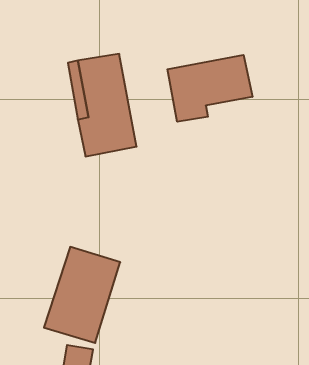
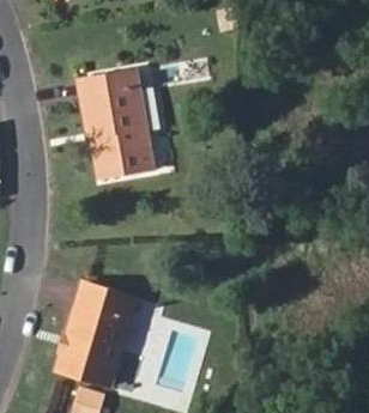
building: [167,55,252,122] -> none

